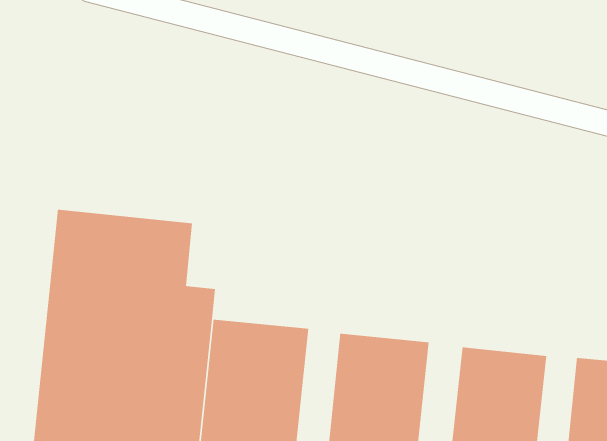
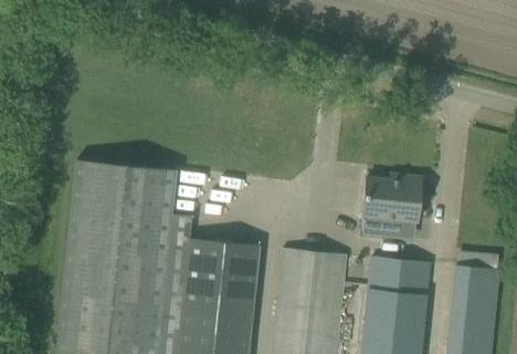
building: none -> [362,174,422,223]

